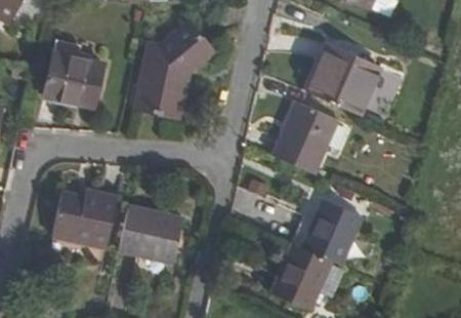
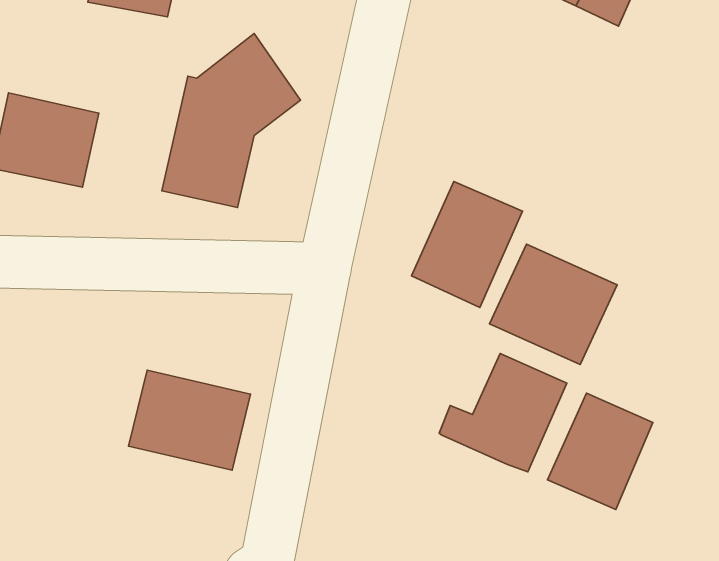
building: [308,46,379,113] -> [490,244,617,364]
building: [53,191,119,248] -> none
building: [270,243,329,308] -> [548,393,653,510]

